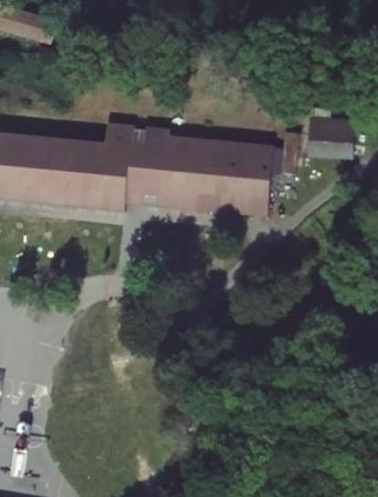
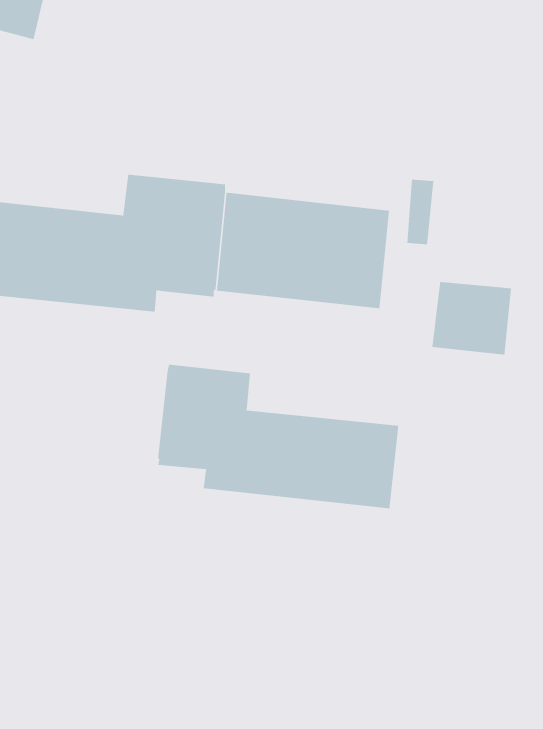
building: [306,114,356,160] -> [431,281,512,355]
building: none -> [158,364,399,509]

